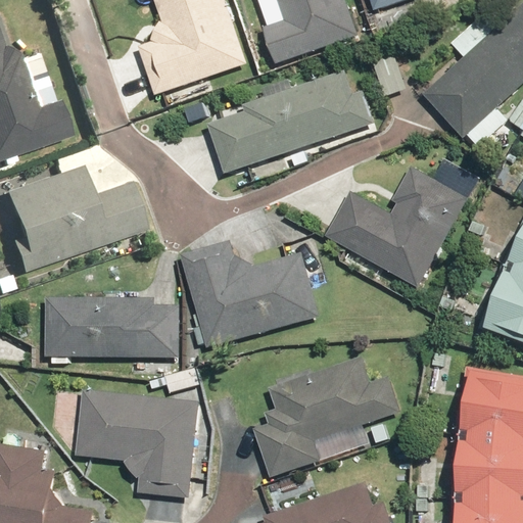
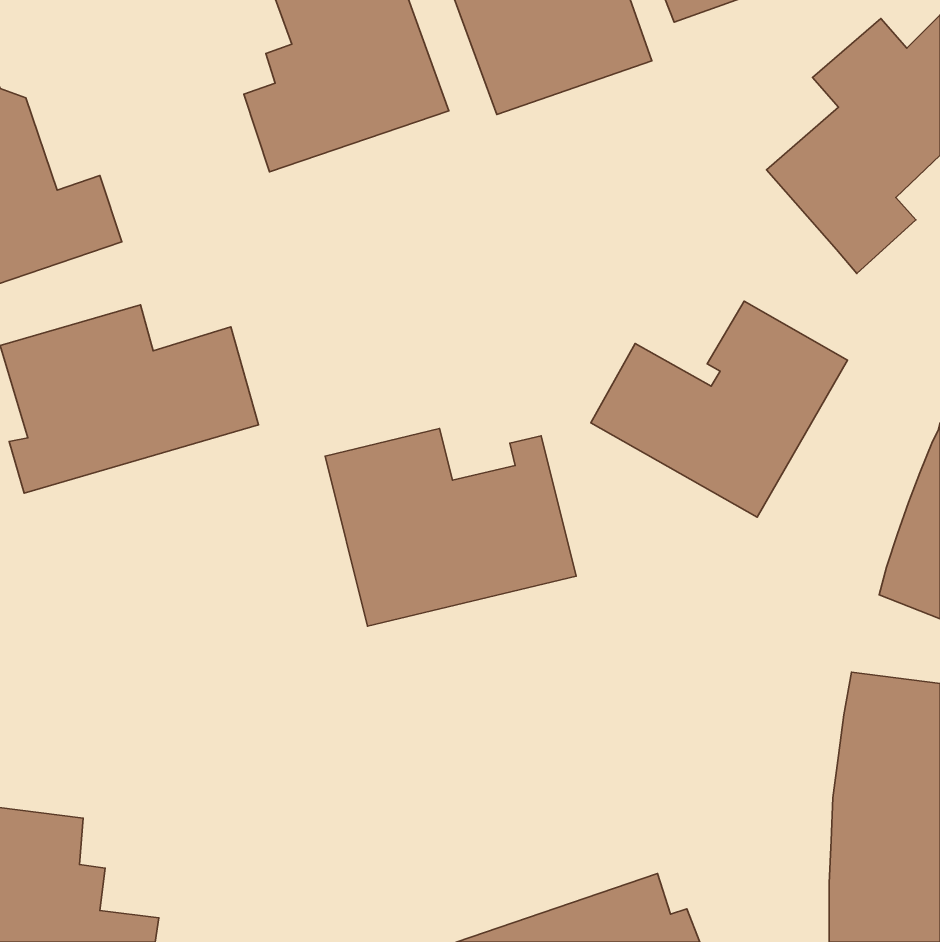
building: [206,69,375,175] -> none
building: [45,296,180,363] -> none
building: [250,354,403,480] -> none
building: [74,389,198,498] -> none

